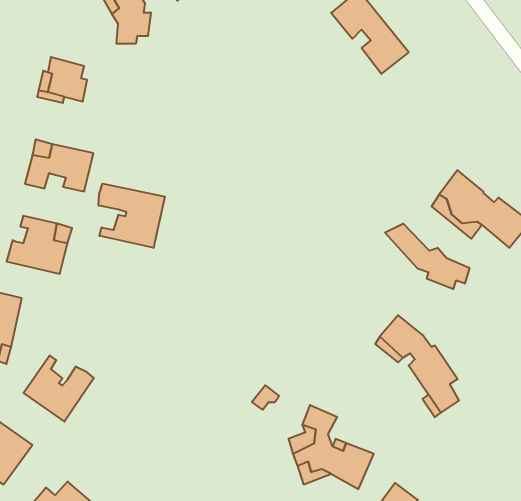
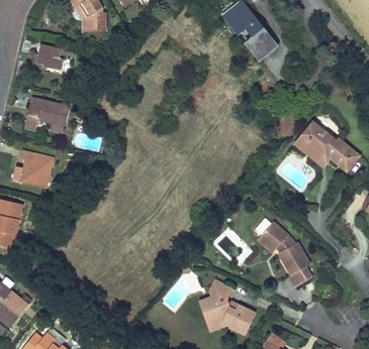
building: [99,184,165,248] -> none
building: [385,224,469,289] -> none
building: [24,355,94,422] -> none

